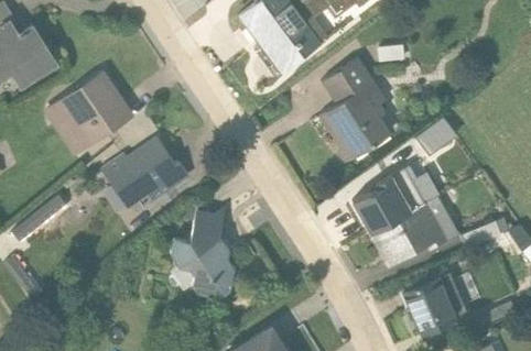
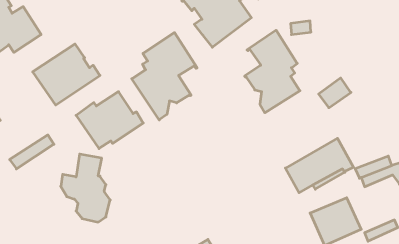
building: none -> [132,33,197,120]
building: [353,164,438,234] -> none
building: [171,210,235,298] -> [61,154,110,222]

